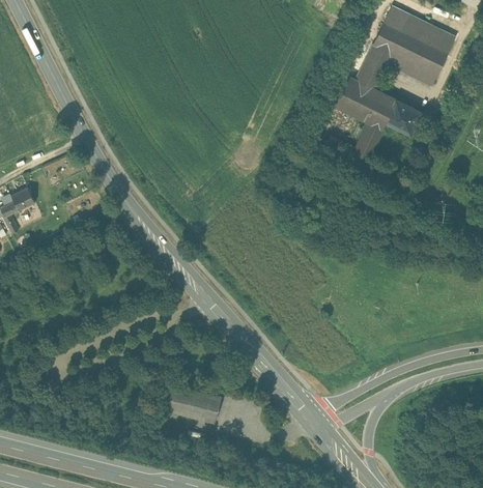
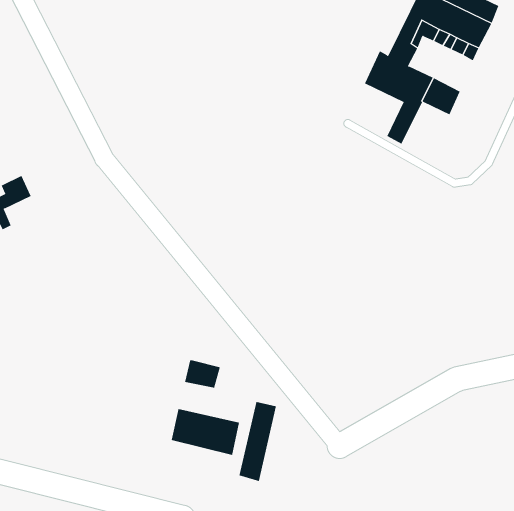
building: none -> [185,360,220,389]
building: none -> [239,401,276,482]

